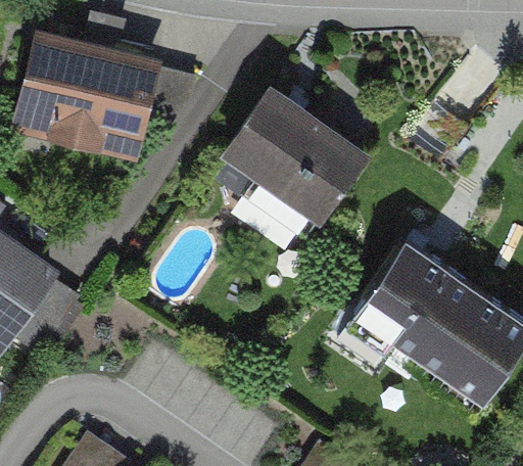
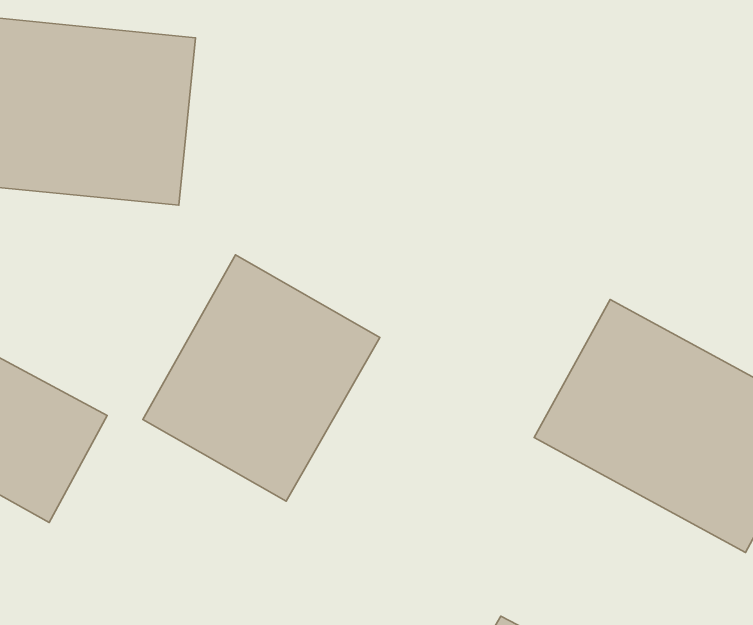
building: [211,88,369,242] -> none
building: none -> [143,255,380,501]

